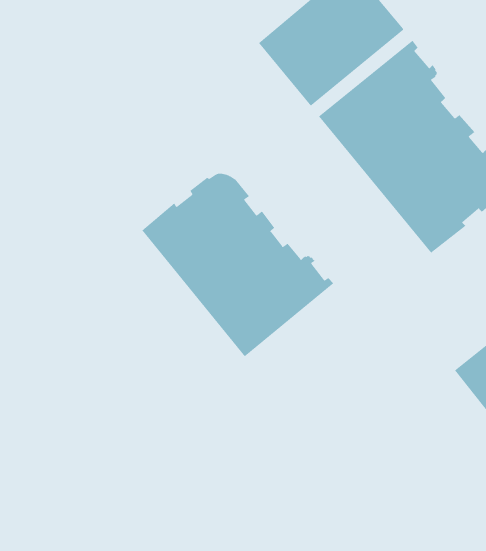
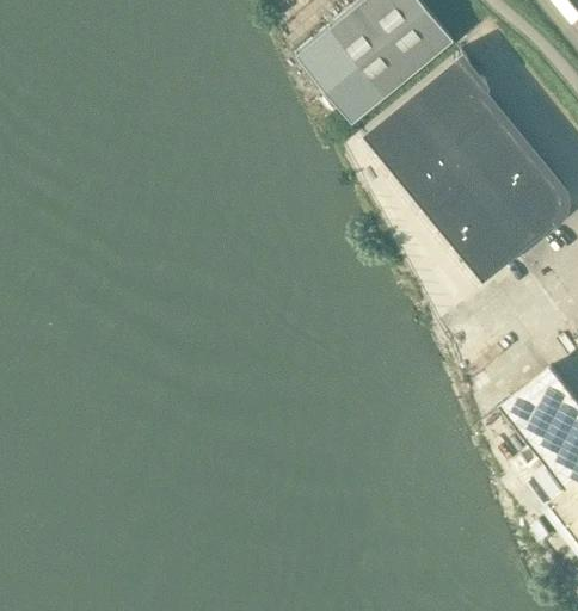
building: [141,173,334,357] -> none

